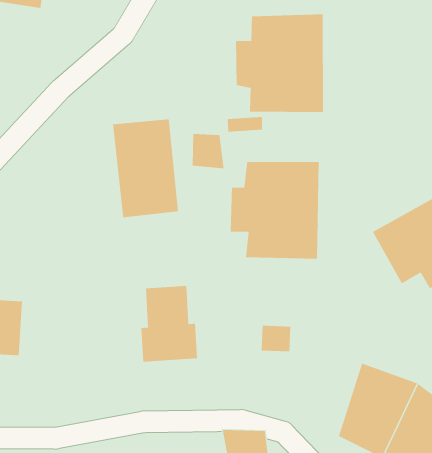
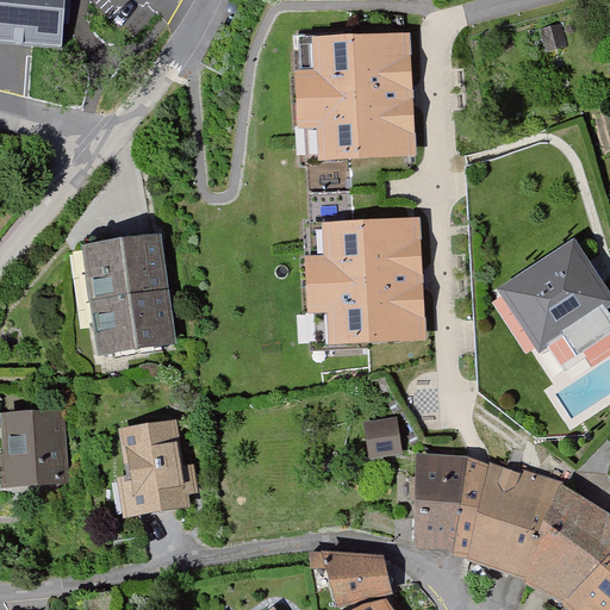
building: [112,119,179,218] -> [79,232,170,361]
building: [192,133,224,169] -> none
building: [140,286,198,362] -> [116,422,191,522]
building: none -> [417,452,491,556]

